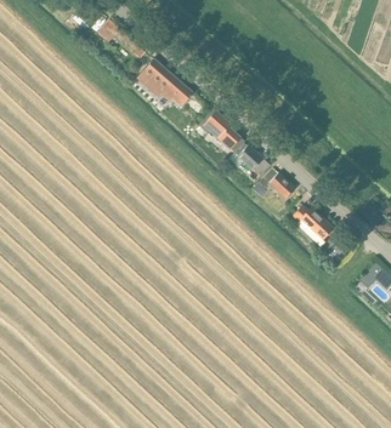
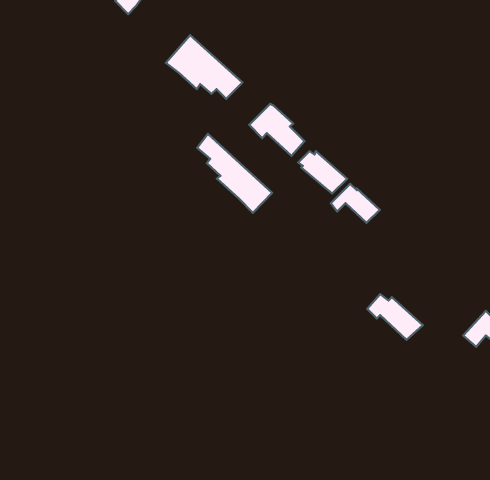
building: none -> [197,134,272,213]
building: [293,205,334,239] -> [367,294,423,340]

